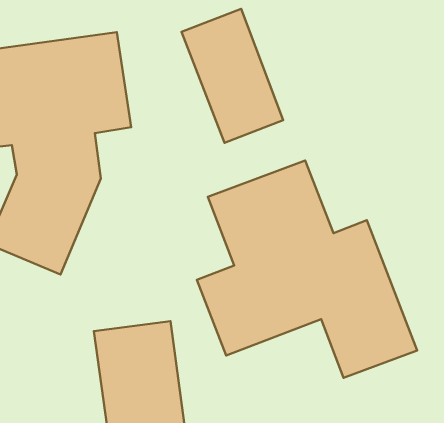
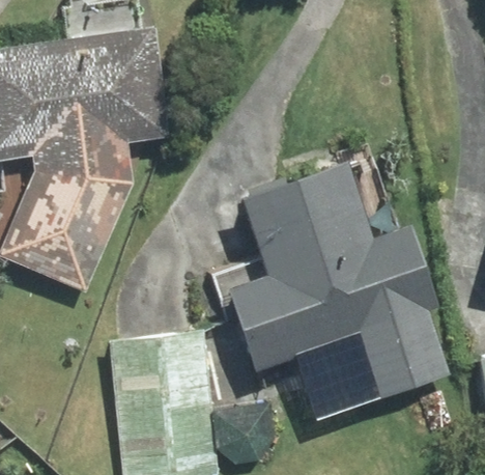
building: [182,9,283,143] -> none

